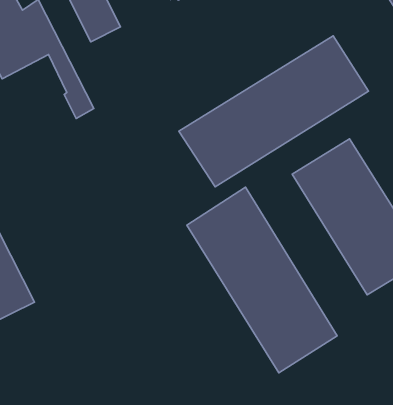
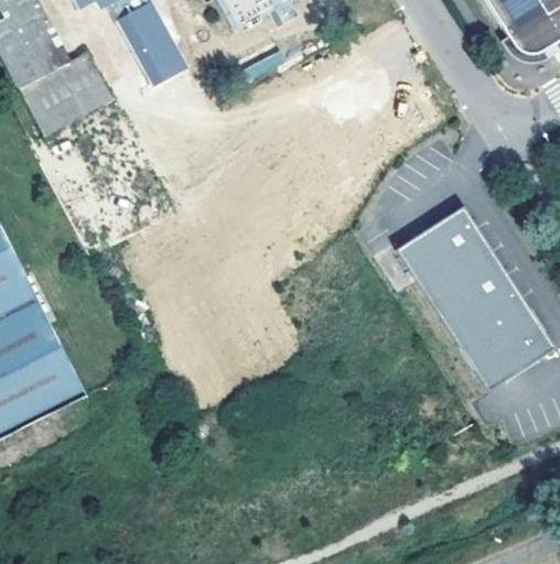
building: [179,36,369,187] -> none
building: [187,187,337,373] -> none

